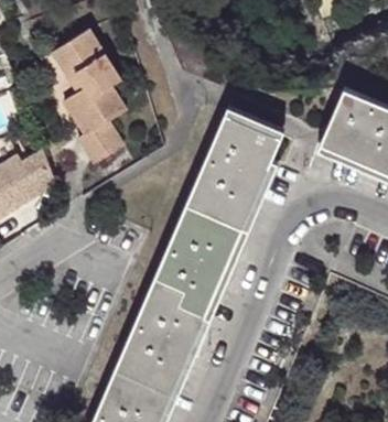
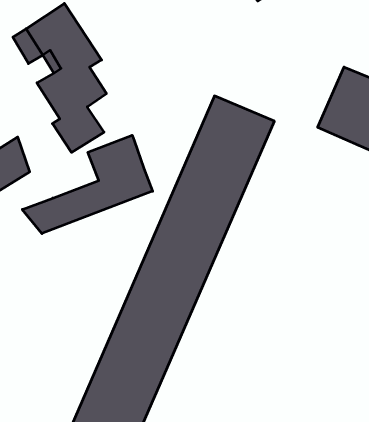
building: none -> [22,135,153,234]

